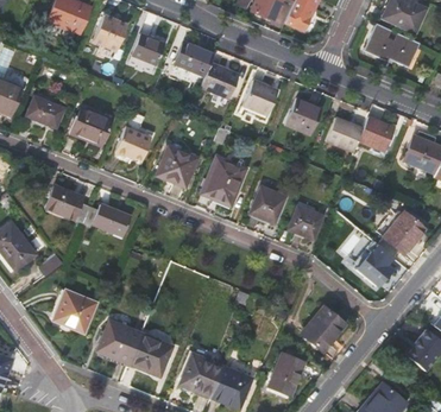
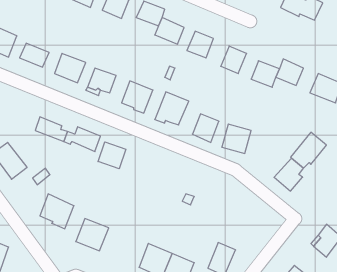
building: none -> [98,142,126,169]
building: [303,309,347,353] -> none
building: [130,335,172,378] -> none

